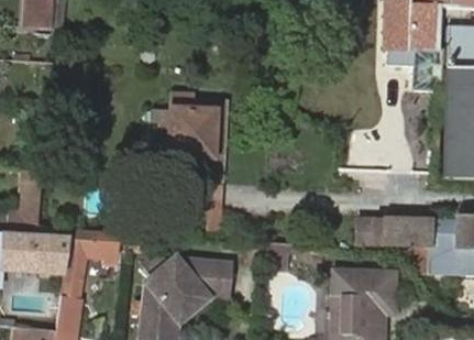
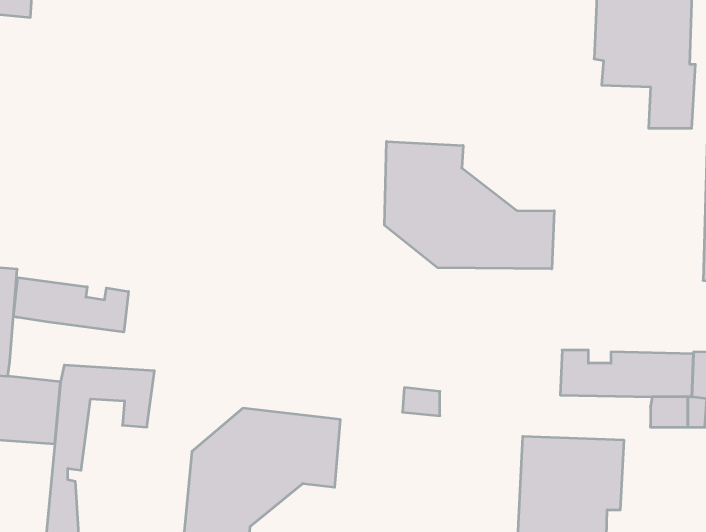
building: none -> [385,141,554,269]
building: [173,108,220,156] -> none
building: none -> [13,278,128,332]

